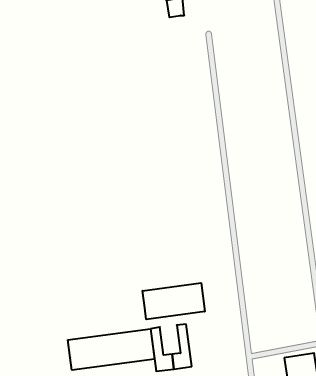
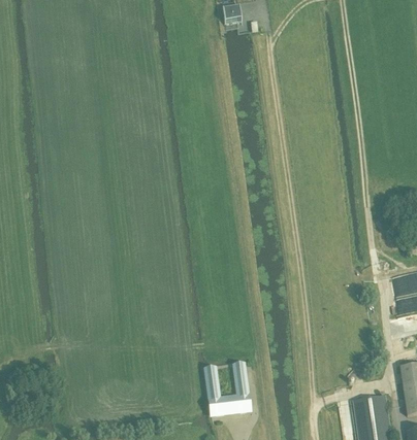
building: [143,283,205,319] -> none
building: [68,329,154,370] -> none

